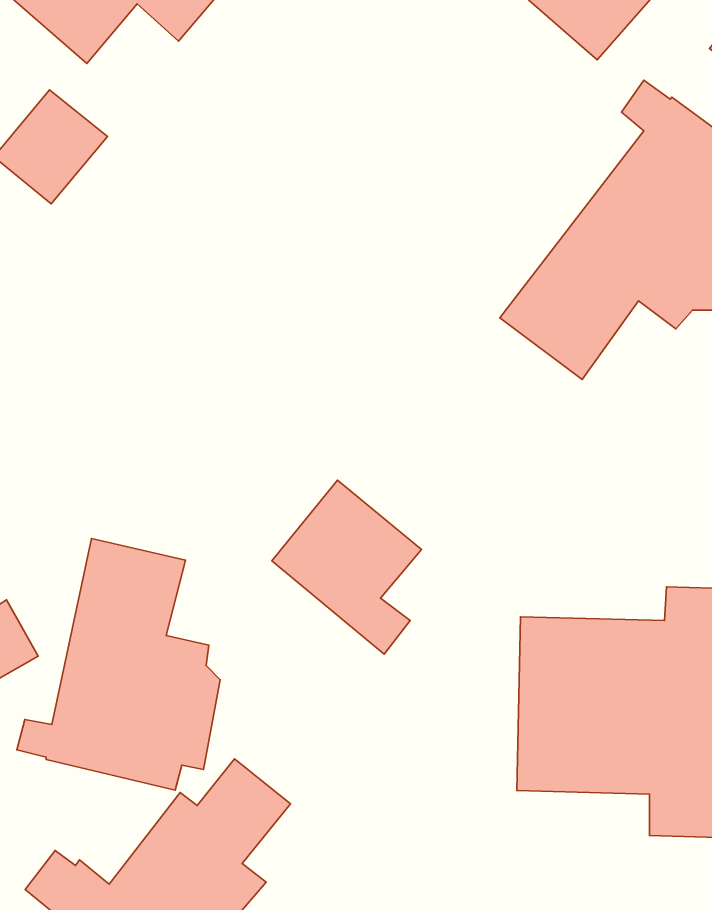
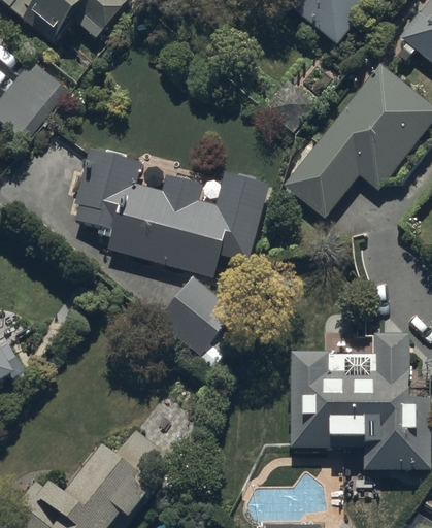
building: none -> [69,146,267,276]
building: [17,538,220,790] -> none

